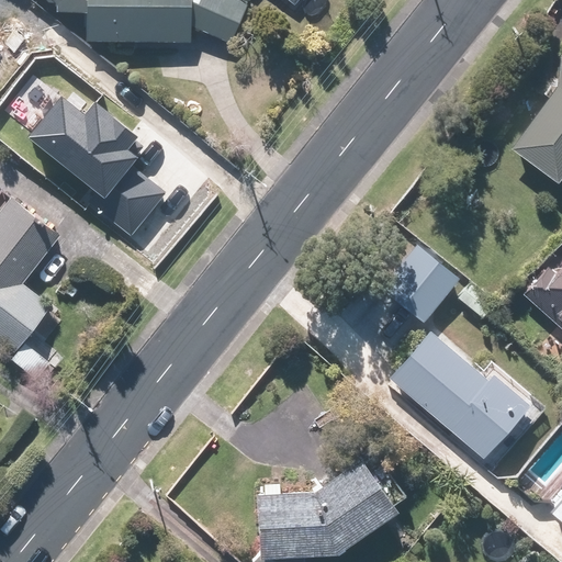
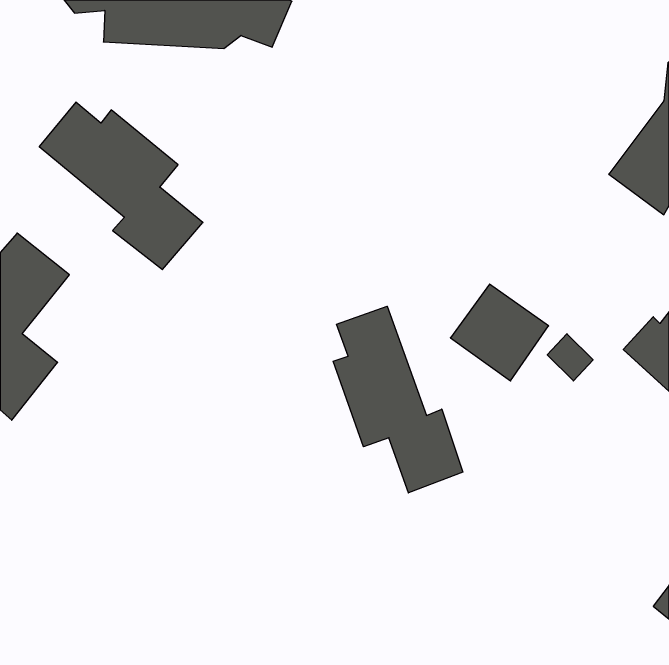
building: none -> [333,306,463,493]
building: [389,331,528,459] -> none
building: [257,457,397,557] -> none

